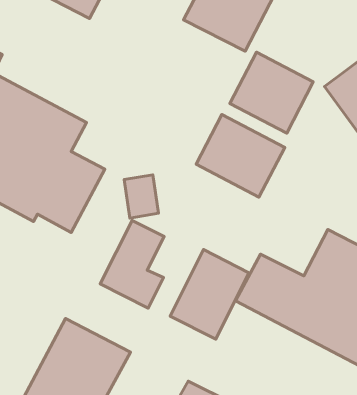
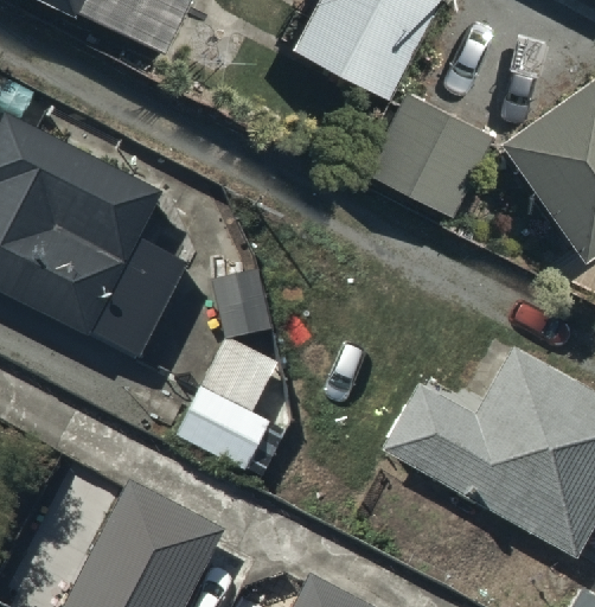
building: [196,114,285,197] -> none
building: [170,250,249,339] -> none

